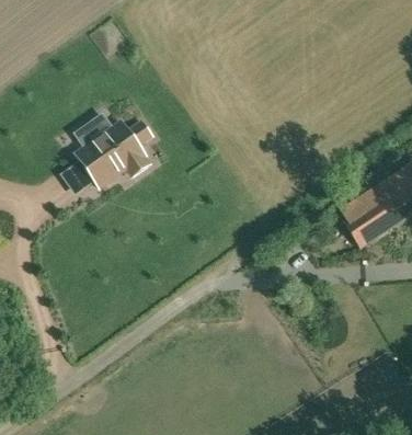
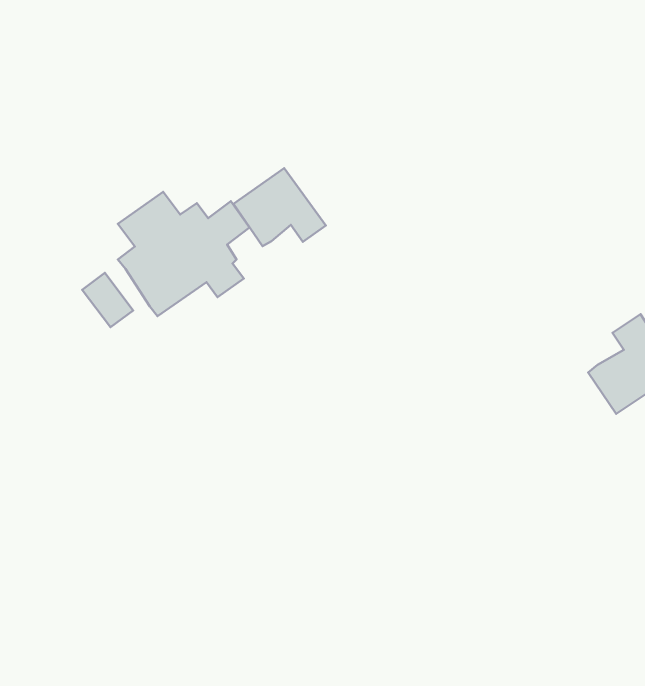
building: none -> [233,168,326,246]

